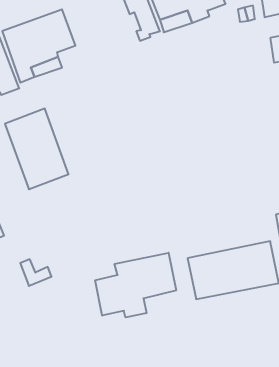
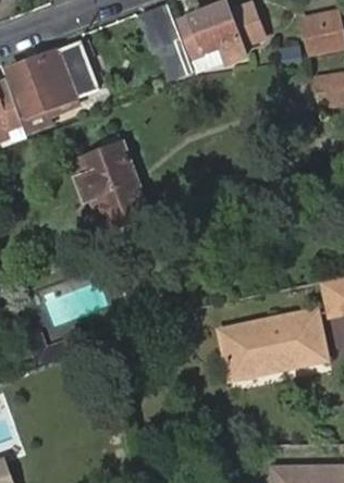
building: [5,109,69,189] -> [75,140,148,233]
building: [95,253,176,317] -> none

